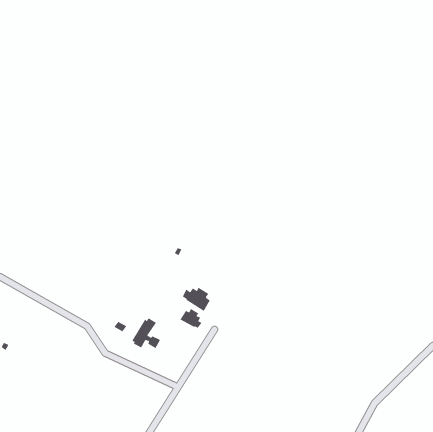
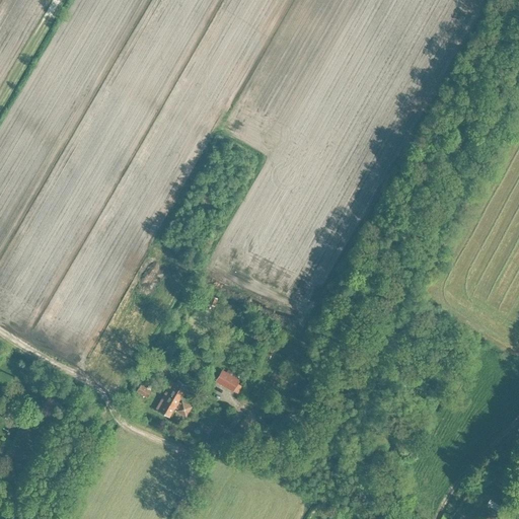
building: [182,287,211,312] -> none

